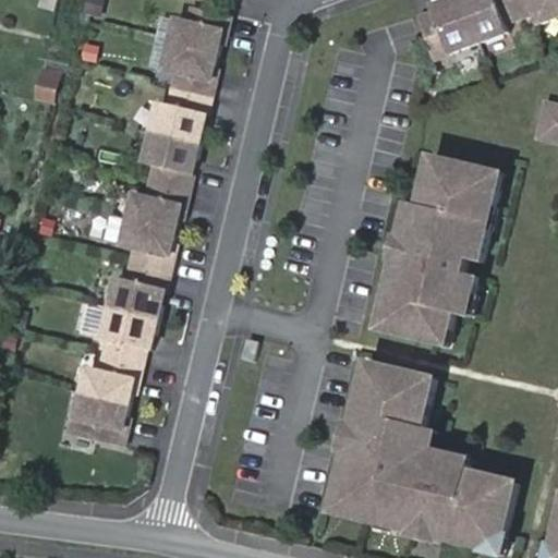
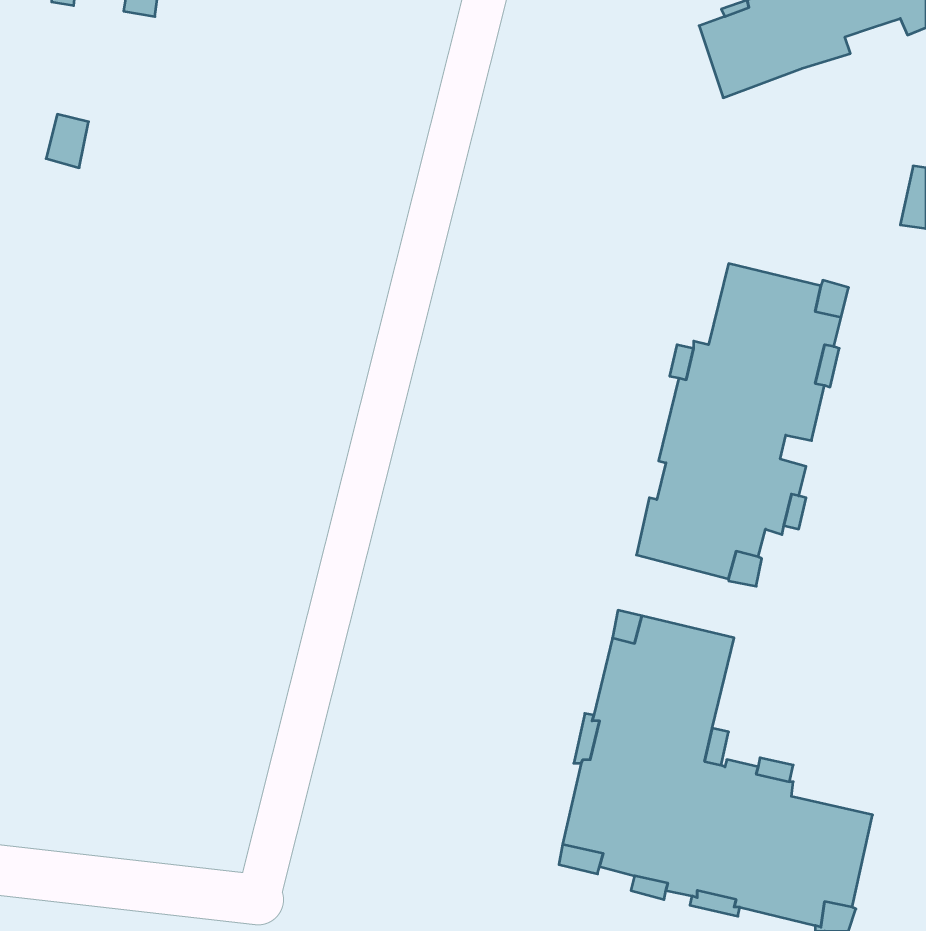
building: [64,4,227,445] -> none

